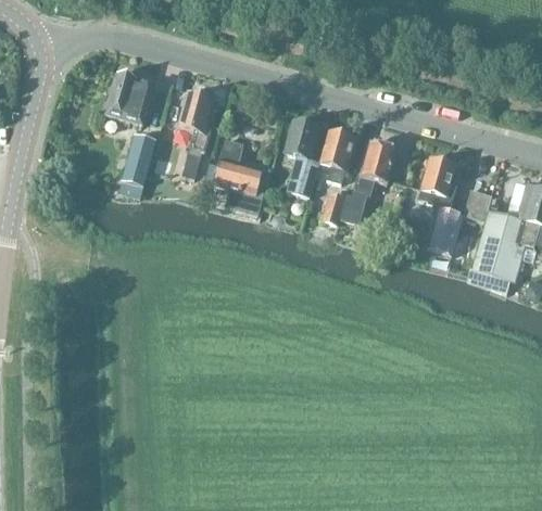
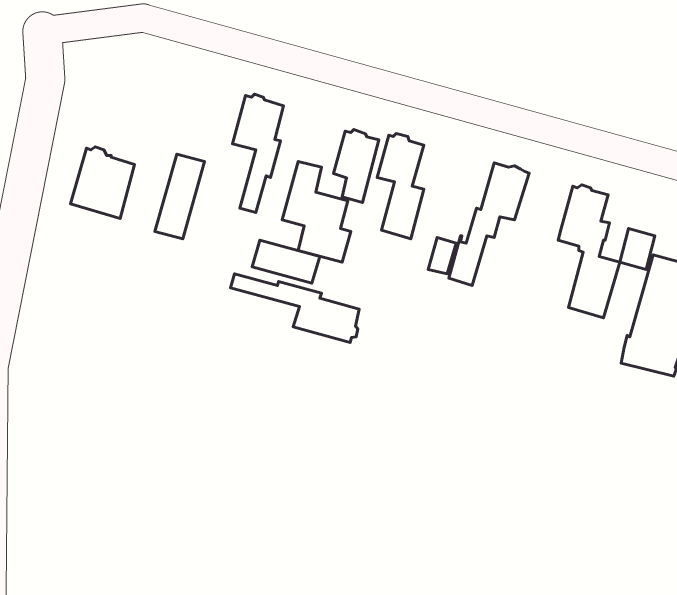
building: [105,71,153,124] -> [70,147,135,218]
building: [319,128,353,182] -> [333,130,379,203]
building: none -> [252,240,320,283]
building: none -> [231,274,359,342]

